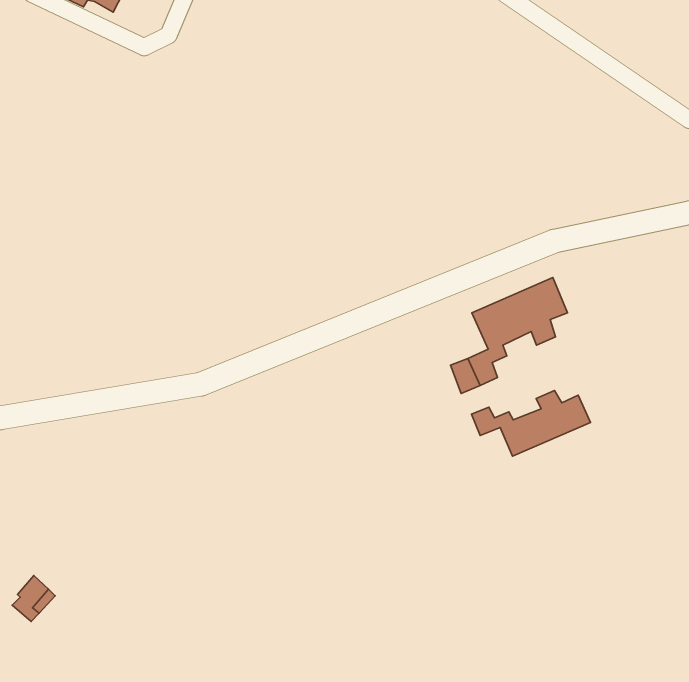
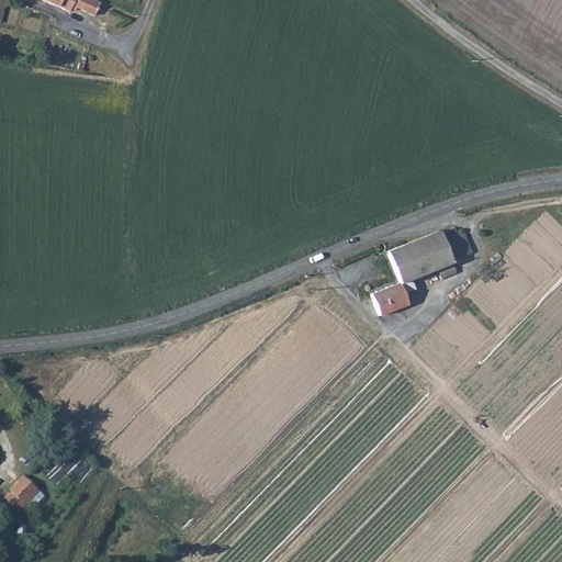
building: [471,391,590,456] -> none

